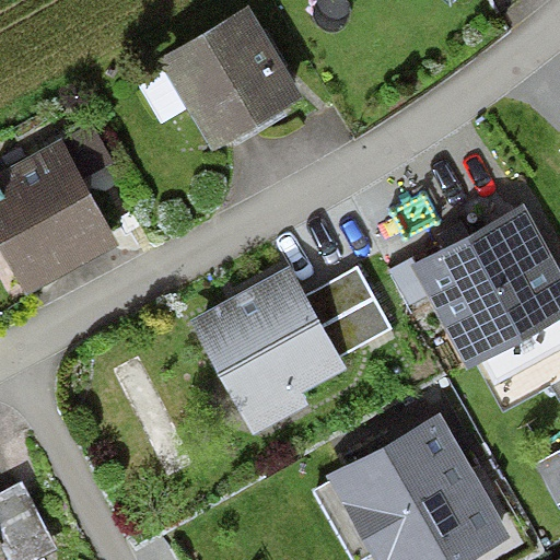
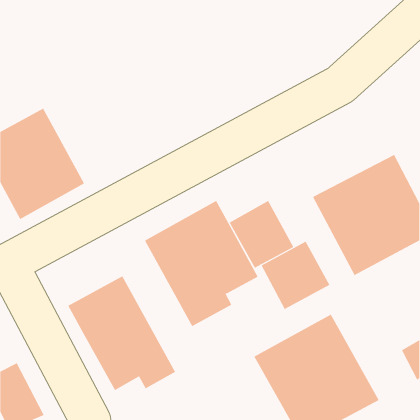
building: [164,14,294,145] -> none
building: none -> [261,241,330,310]
building: none -> [67,276,176,391]

